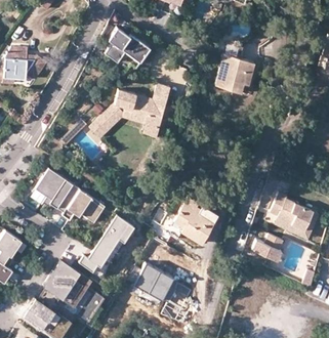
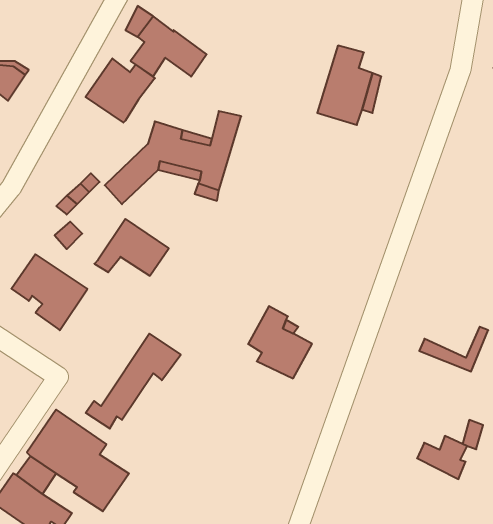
building: none -> [86,58,155,123]
building: [61,188,106,222] -> [94,219,169,276]
building: [274,194,313,229] -> none
building: [253,236,283,261] -> [417,436,467,479]
building: [133,263,175,302] -> none

